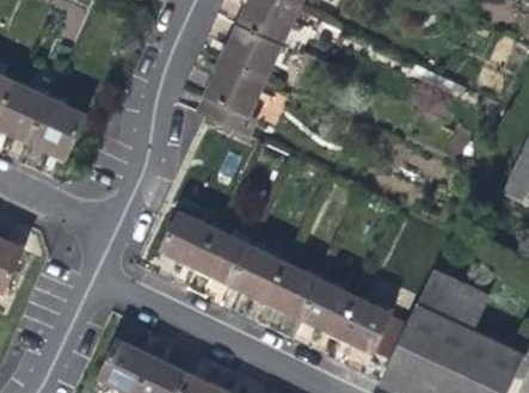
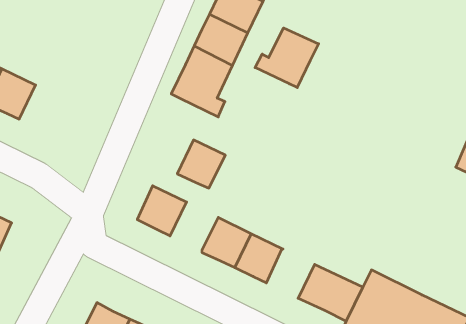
building: none -> [255,28,319,88]
building: [30,103,85,158] -> none
building: [195,231,247,283] -> [177,140,225,188]
building: [414,271,486,332] -> none
building: [300,282,352,336] -> none

